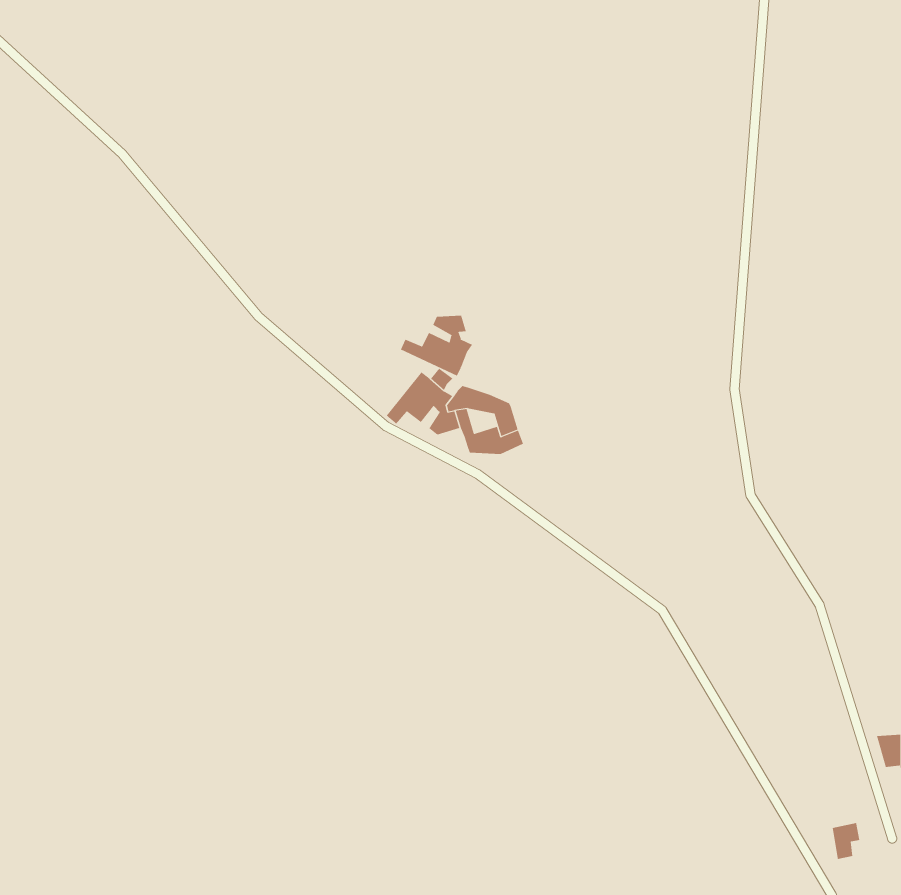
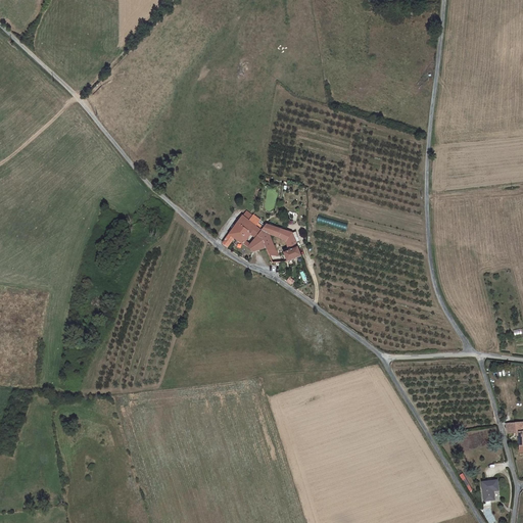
building: [400,315,473,376] -> none

